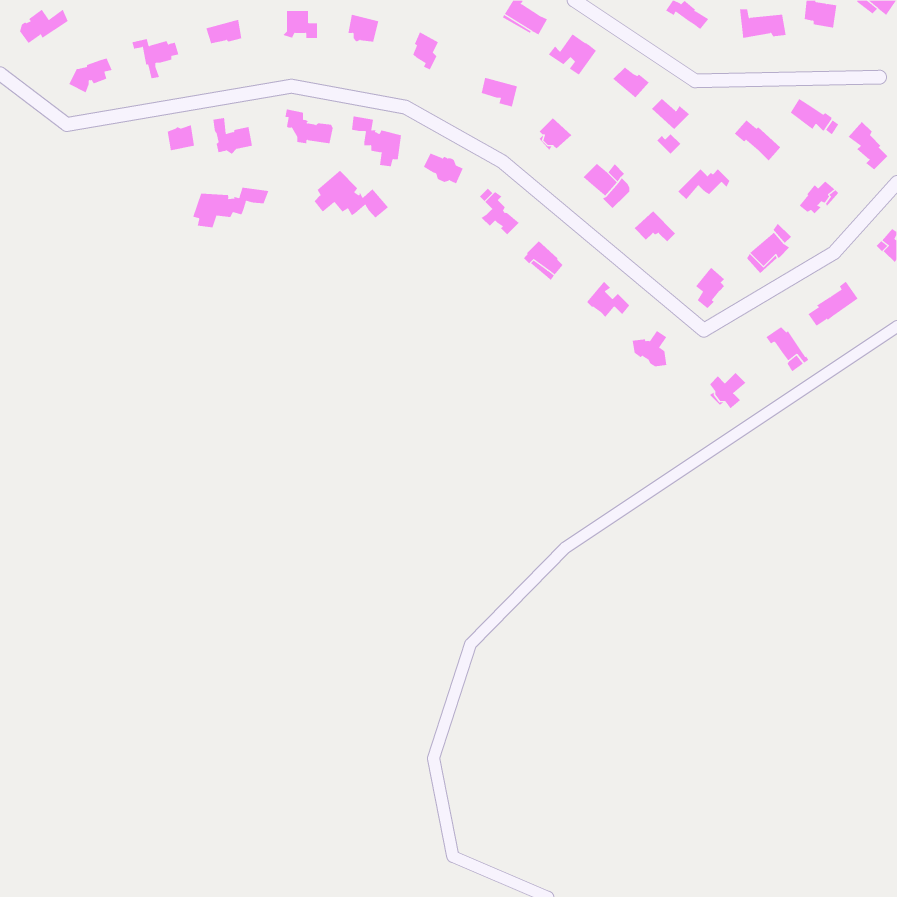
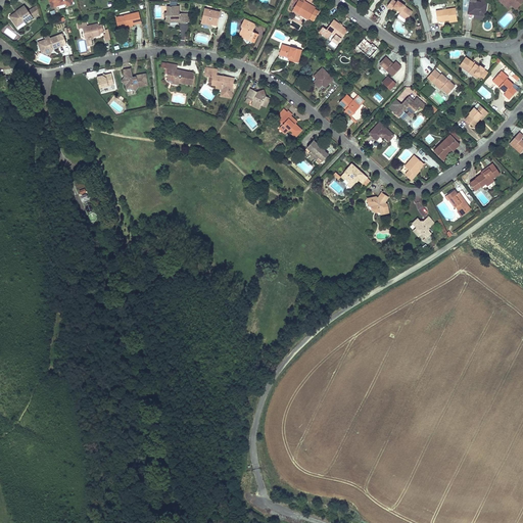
building: [314,170,389,219] -> none
building: [192,187,269,228] -> none

